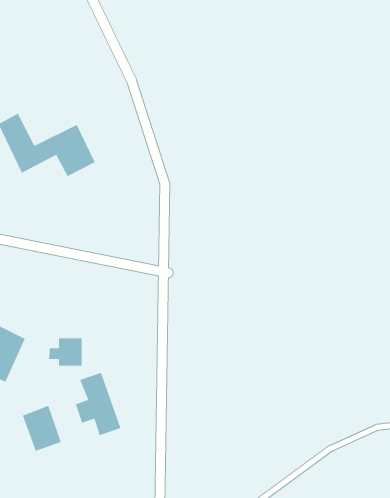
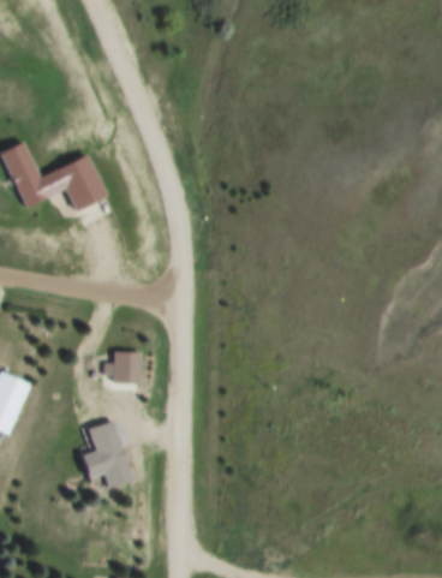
building: [48,338,82,366] -> [103,351,141,382]
building: [22,405,62,452] -> none

